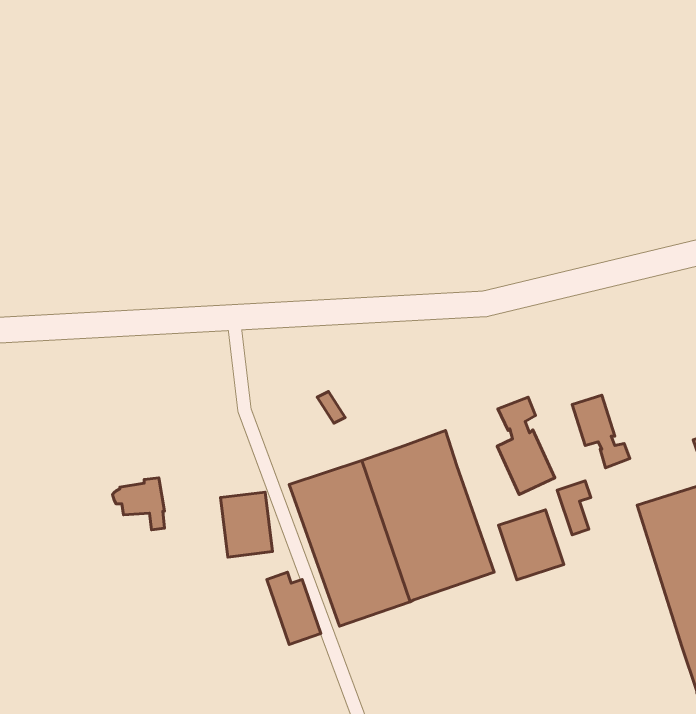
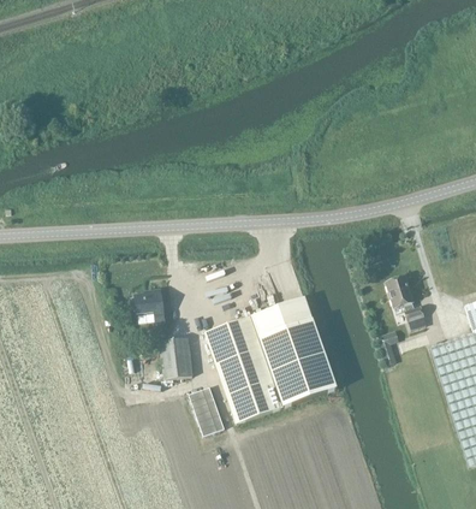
building: [497,397,555,494] -> none
building: [112,478,165,530] -> [131,288,165,321]
building: [499,510,564,580] -> none

